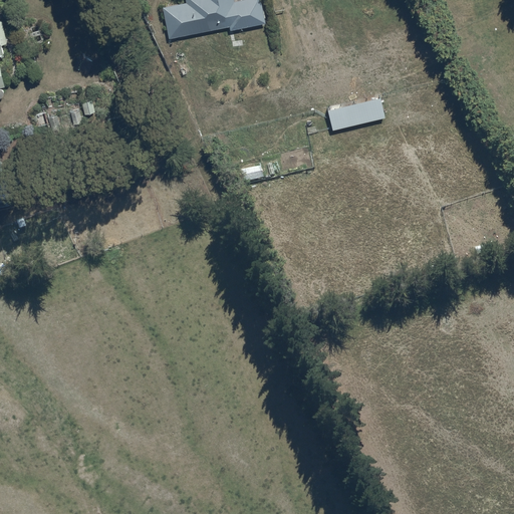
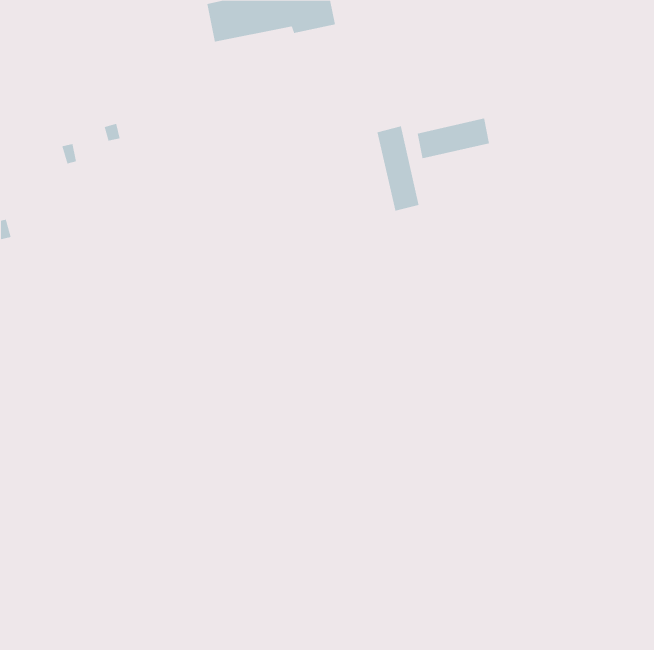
building: none -> [377,126,419,212]

